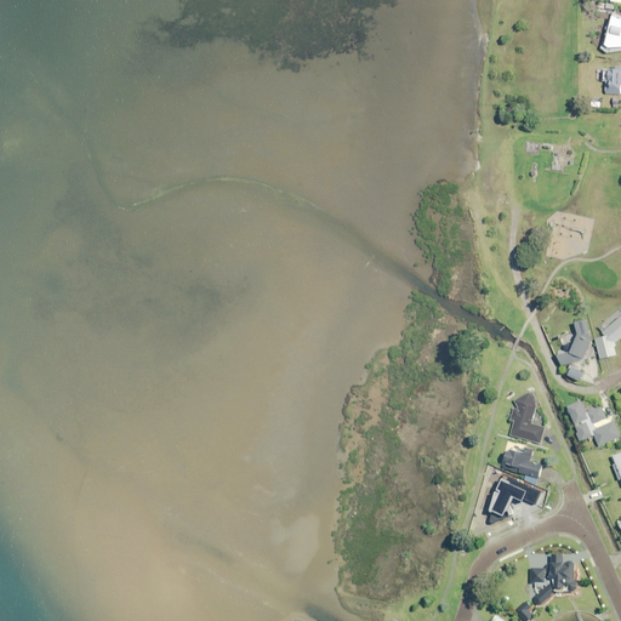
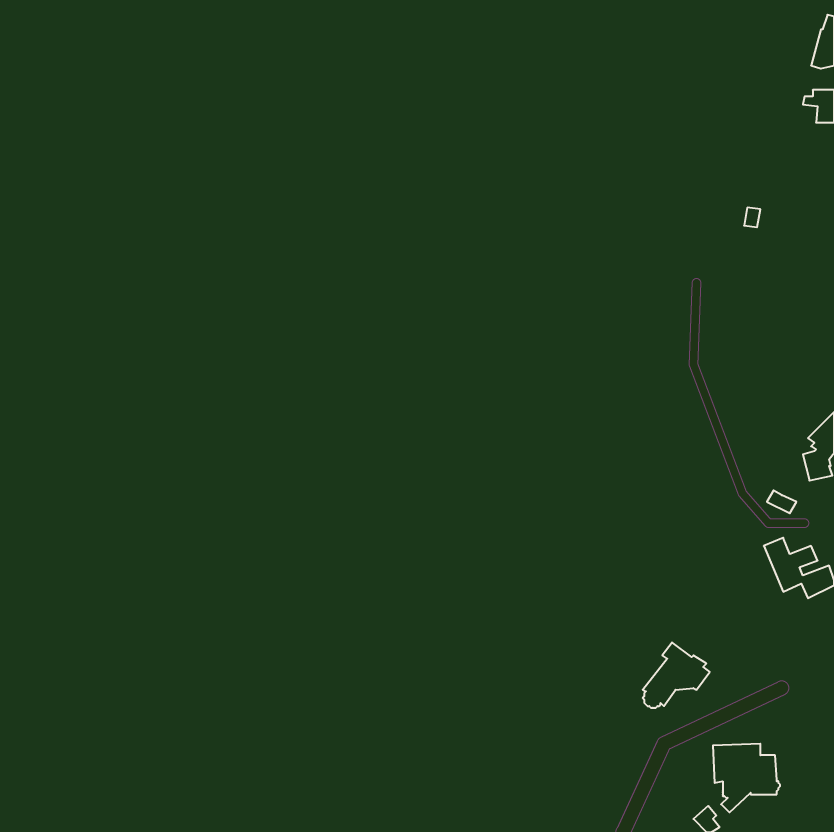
building: [558,318,592,364] -> none
building: [511,389,546,441] -> none
building: [503,443,543,482] -> none

